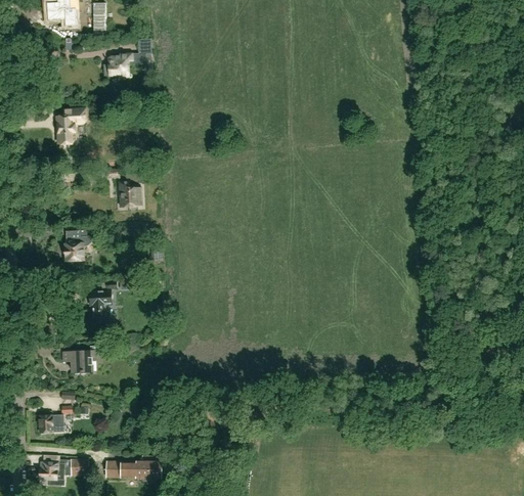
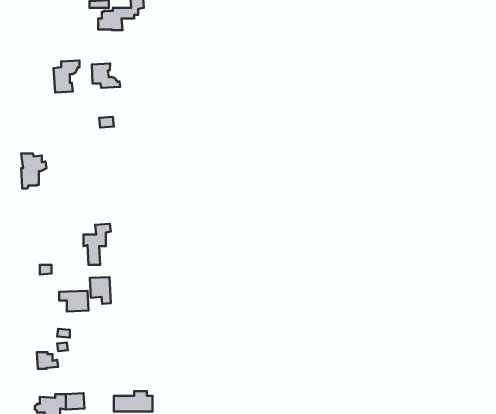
building: none -> [92,63,120,88]
building: [119,181,141,207] -> none
building: [64,227,91,264] -> [21,154,47,189]
building: none -> [90,277,111,304]

